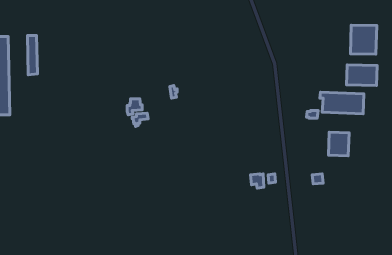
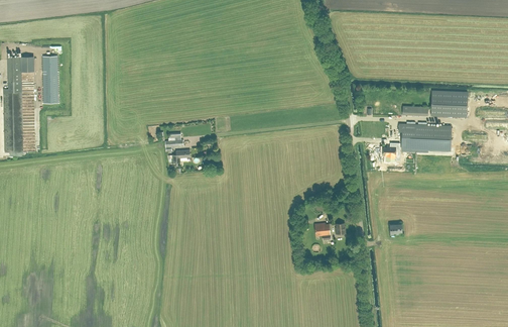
building: [350,25,377,54] -> none
building: [328,132,349,156] -> none

